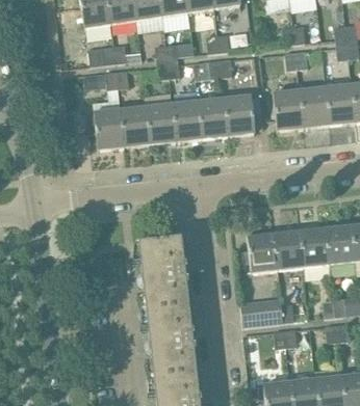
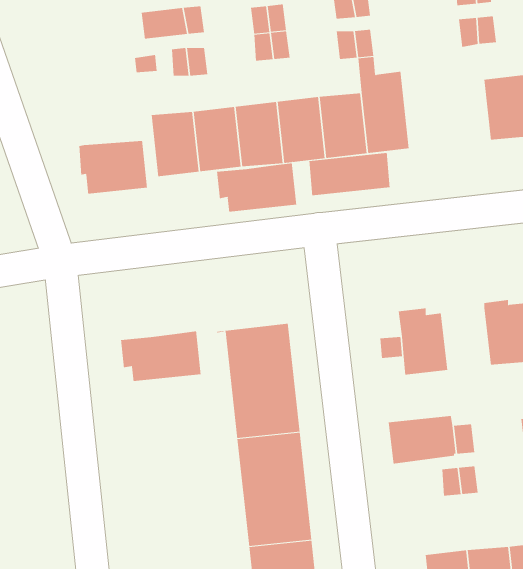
building: [274,89,305,130] -> none
building: none -> [79,140,148,195]
building: none -> [309,152,390,196]
building: none -> [217,162,297,212]
building: [275,227,305,269] -> none
building: none -> [121,331,201,382]

